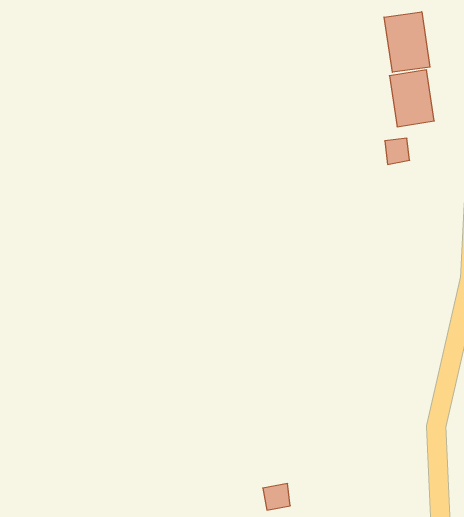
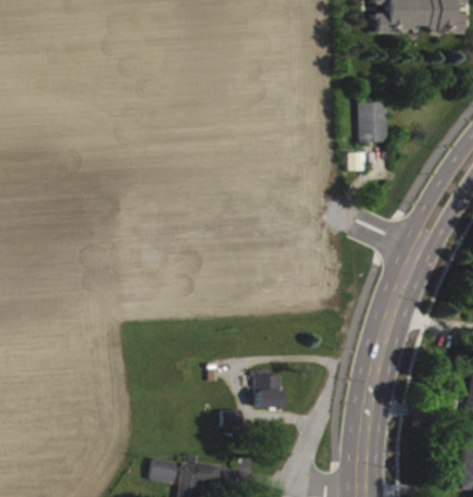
building: [384,12,430,72] -> none
building: none -> [254,370,282,408]

